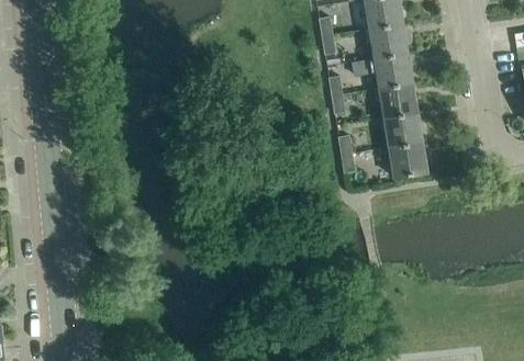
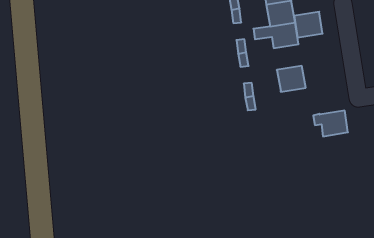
building: [379,82,417,117] -> [294,12,323,38]
building: [380,142,427,177] -> [313,111,348,136]

